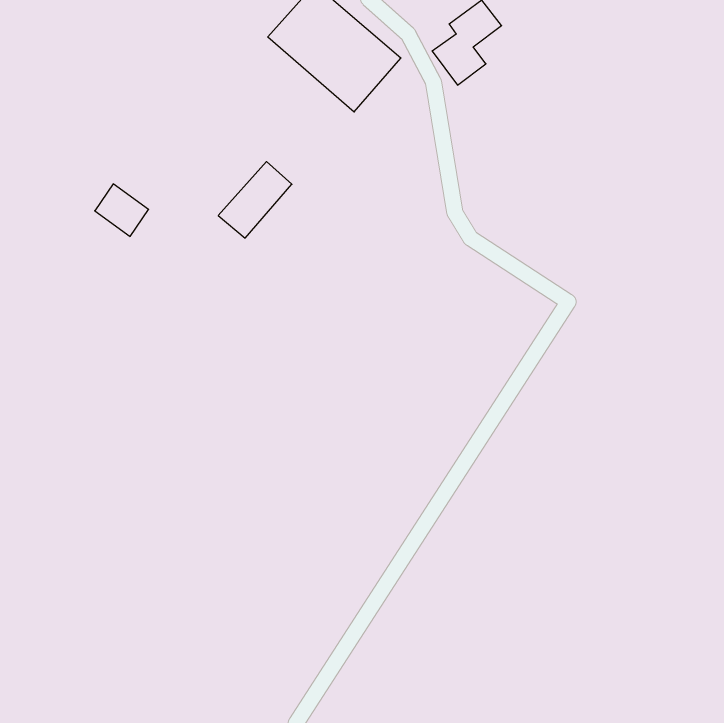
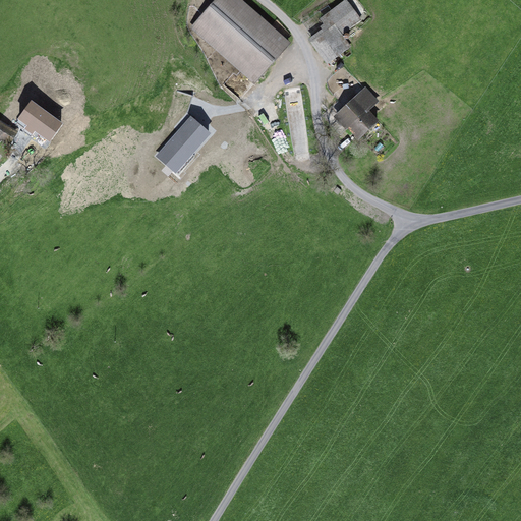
building: none -> [339,90,375,134]
building: [95,184,149,236] -> [18,102,57,139]

